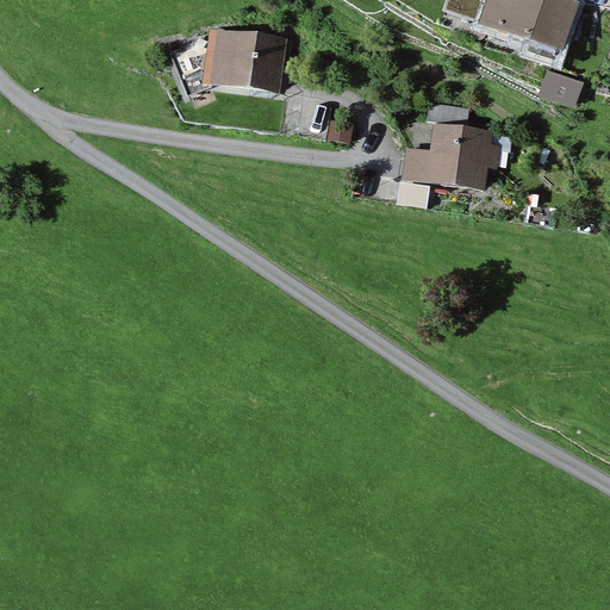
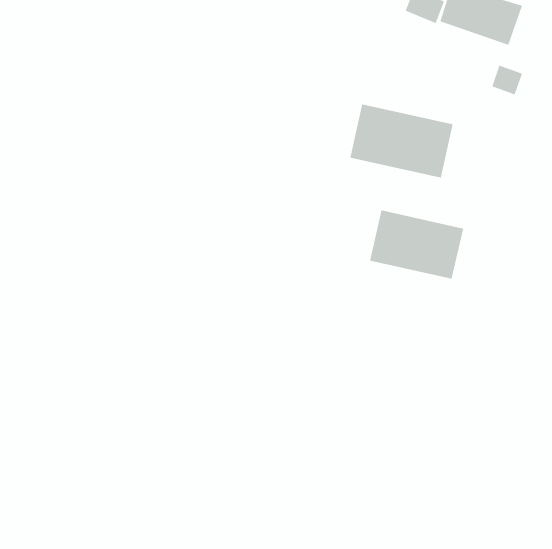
building: [203,25,290,92] -> none
building: none -> [370,210,464,280]

